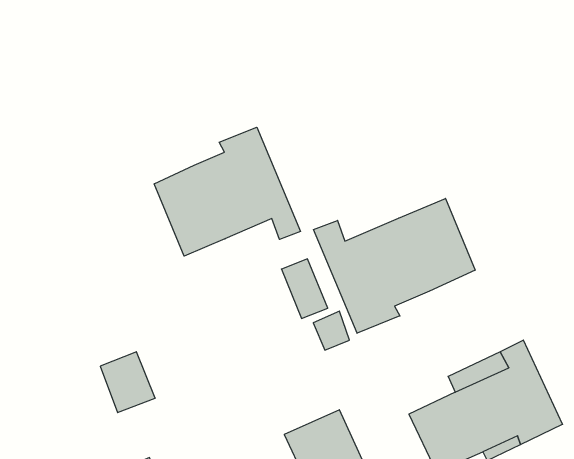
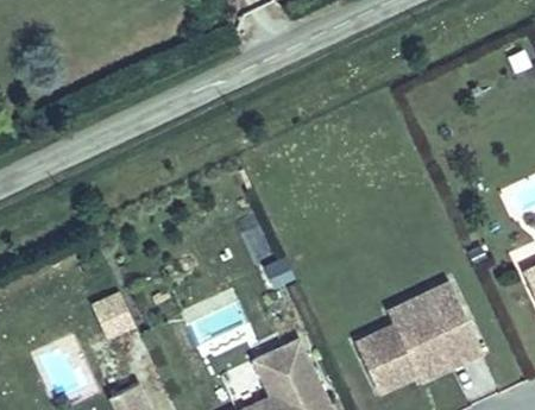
building: [154,127,300,256] -> none
building: [314,198,475,333] -> none

